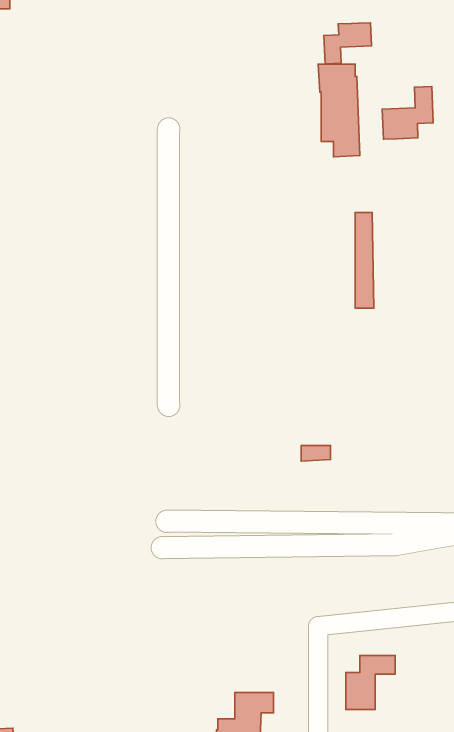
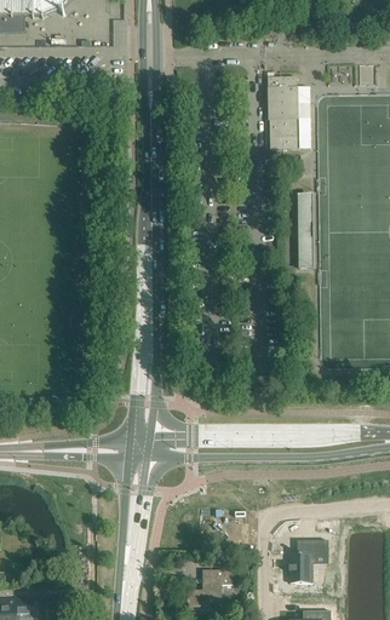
building: [324,23,371,64] -> none
building: [382,86,433,139] -> none

